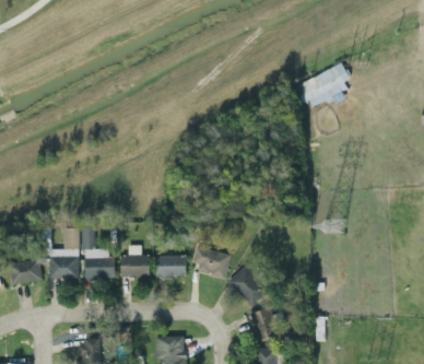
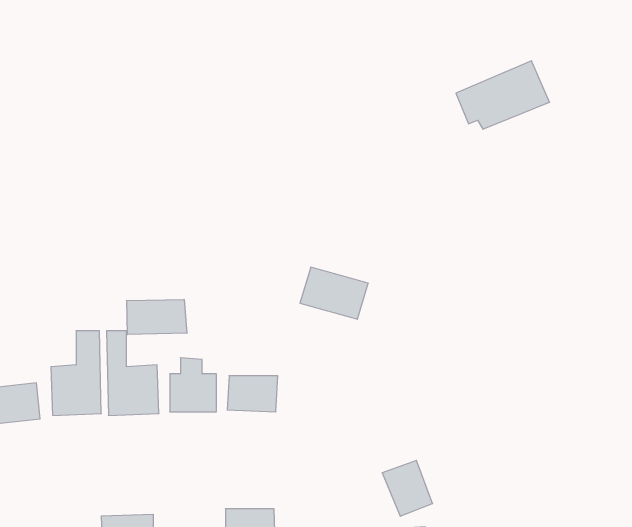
building: none -> [127,299,187,335]
building: [190,246,232,278] -> [300,267,368,319]
building: [228,266,269,307] -> none

